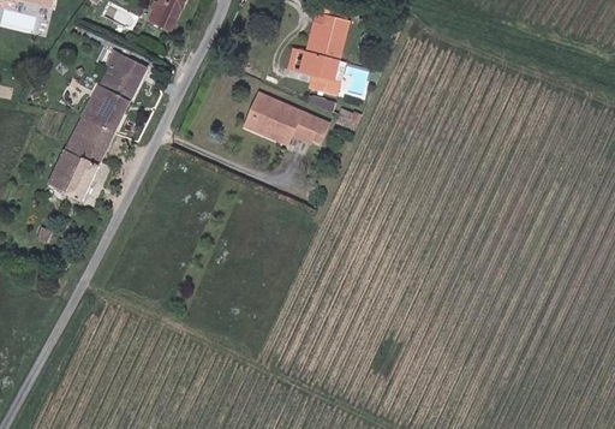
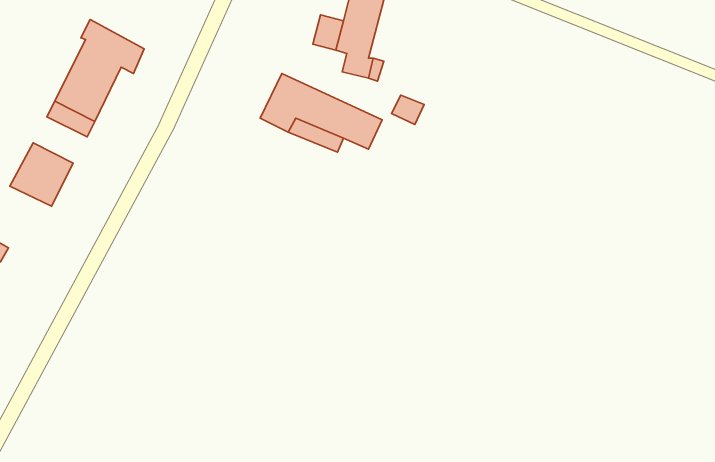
building: [66,126,108,162] -> none

